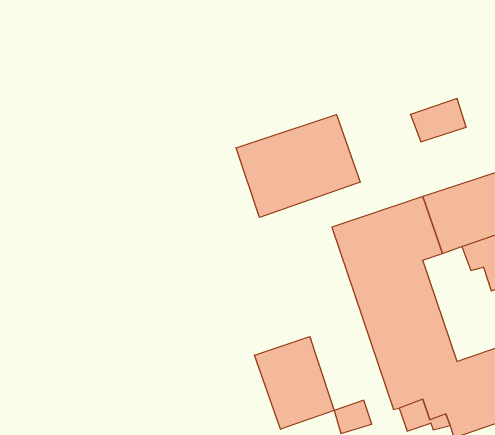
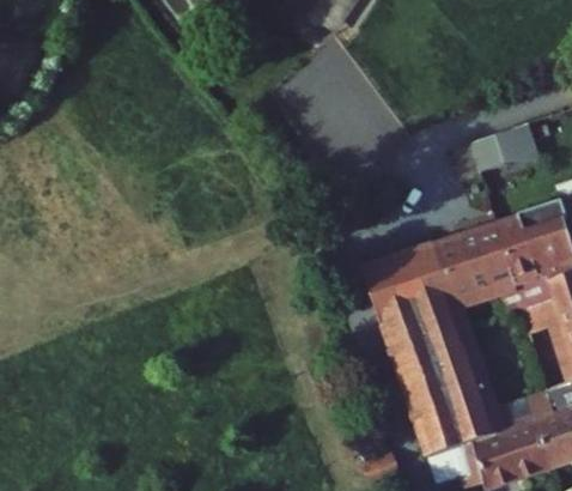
building: [236,115,360,217] -> none
building: [255,337,334,429] -> none

